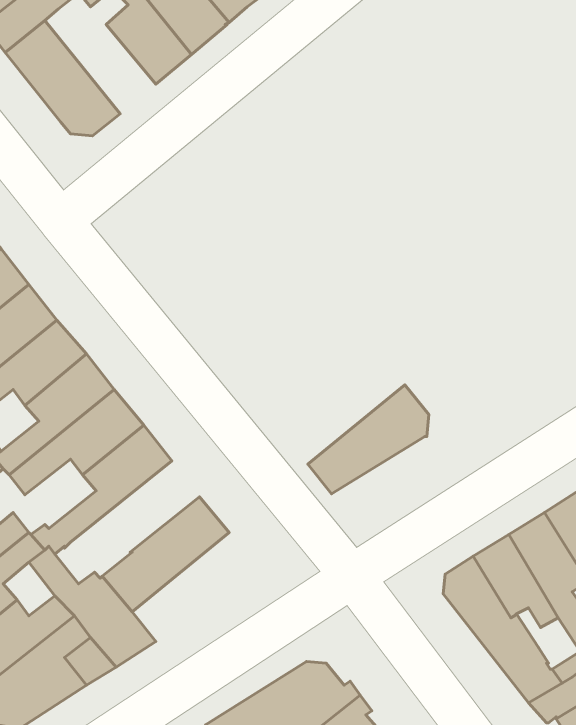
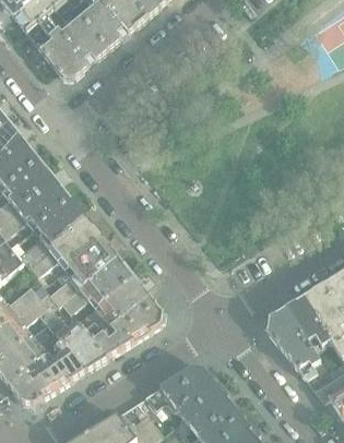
building: none -> [48,8,109,65]
building: [308,385,429,494] -> [96,296,163,356]
building: none -> [62,256,133,312]

